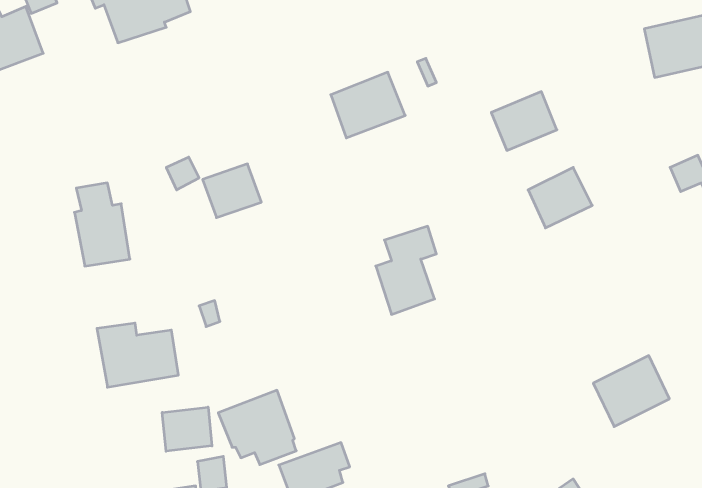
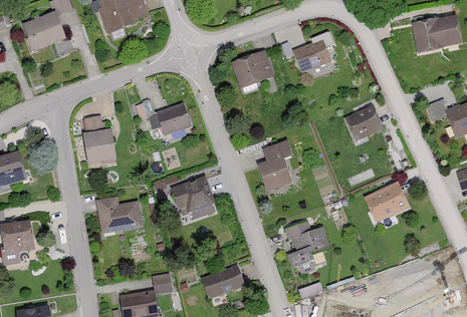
building: [491,92,557,150] -> [293,38,331,72]
building: [593,356,669,427] -> [365,182,409,223]
building: none -> [286,221,330,275]
building: [218,390,296,465] -> [170,175,215,218]
building: [162,407,212,451] -> none

